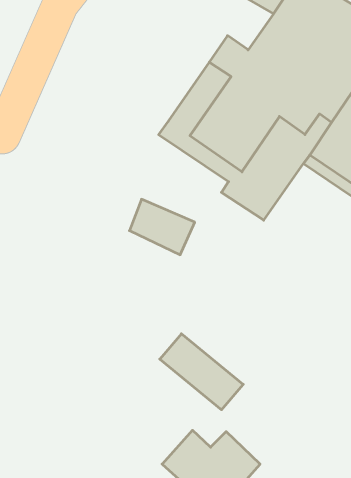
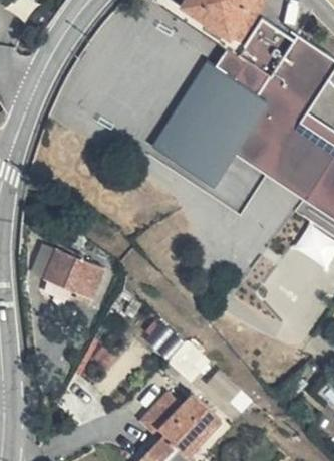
building: [129,199,195,255] -> [49,248,103,294]

